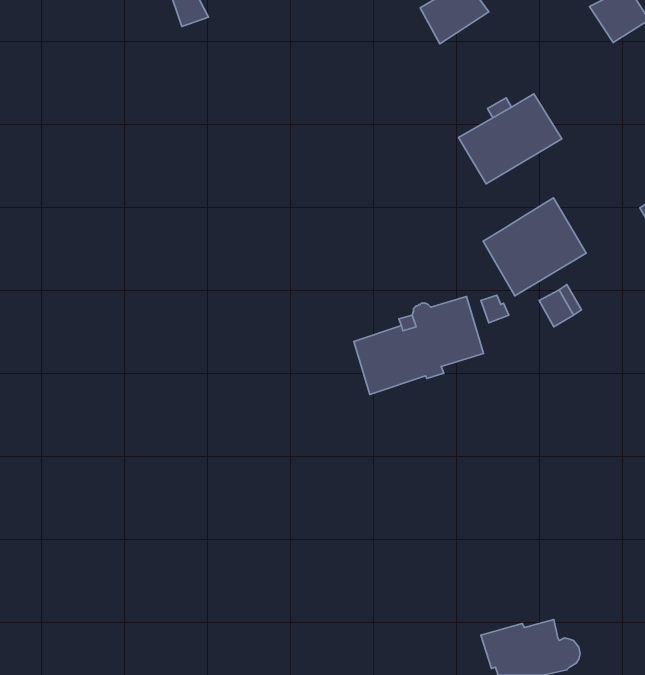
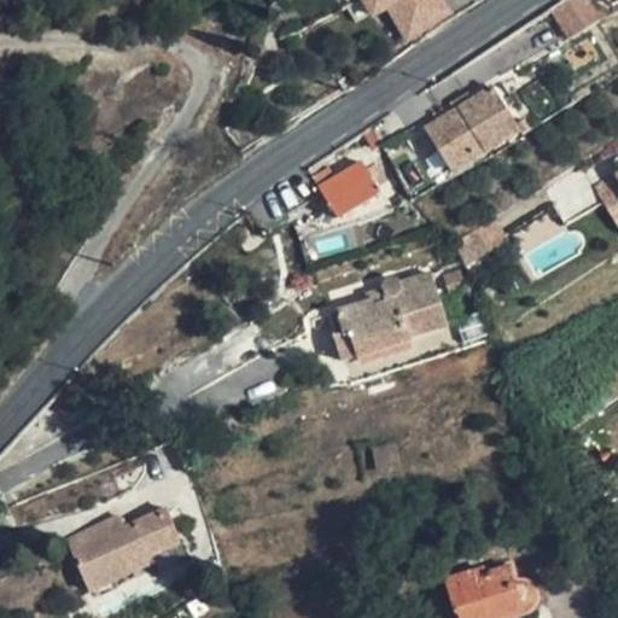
building: none -> [319,161,385,217]
building: [483,198,586,296] -> none
building: none -> [66,509,179,591]

